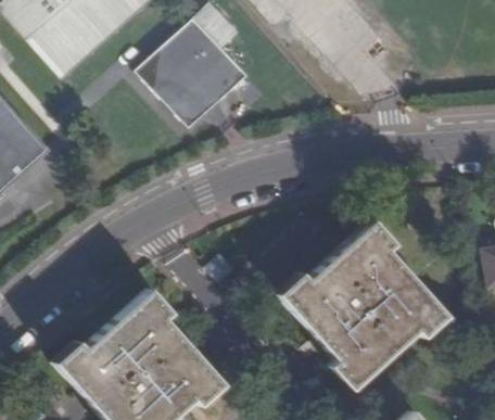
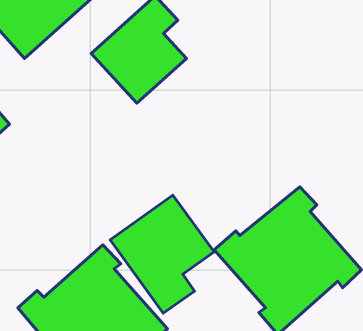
building: none -> [110,195,214,313]

